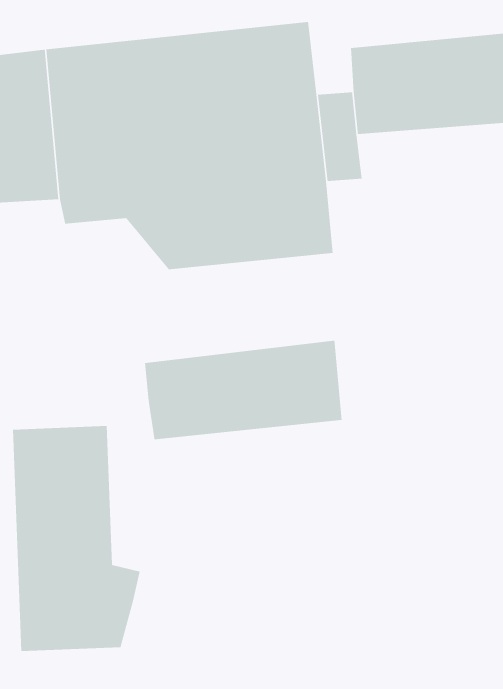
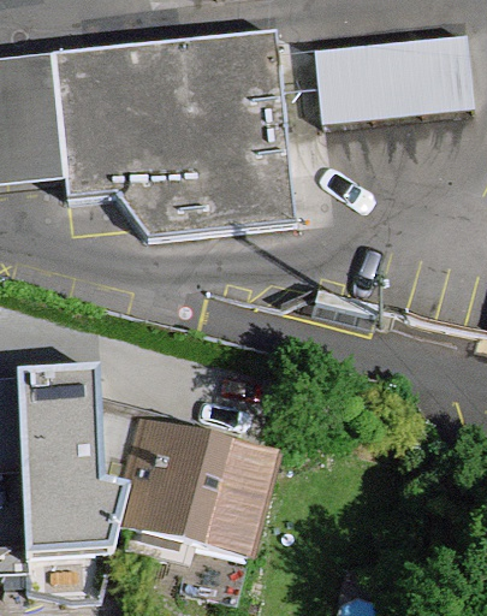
building: [144,340,342,440] -> none
building: none -> [124,424,277,562]

